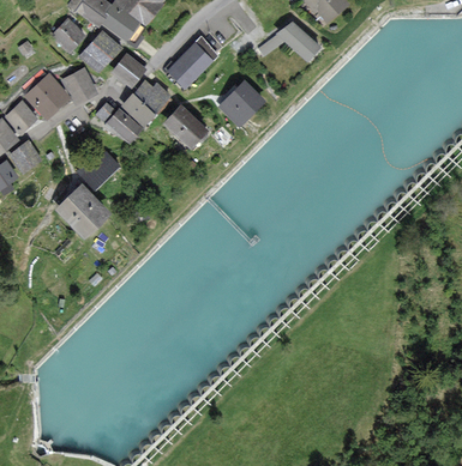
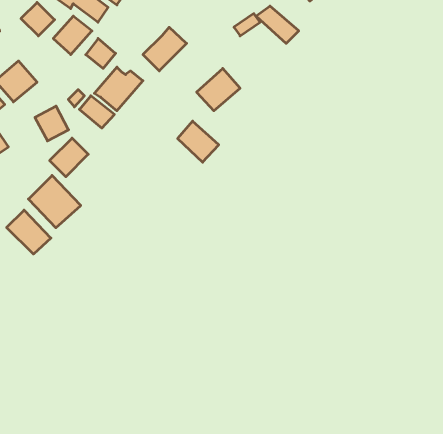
building: [64,69,96,103] -> [35,106,69,141]
building: [167,107,206,146] -> [178,121,219,162]
building: none -> [7,210,51,254]

